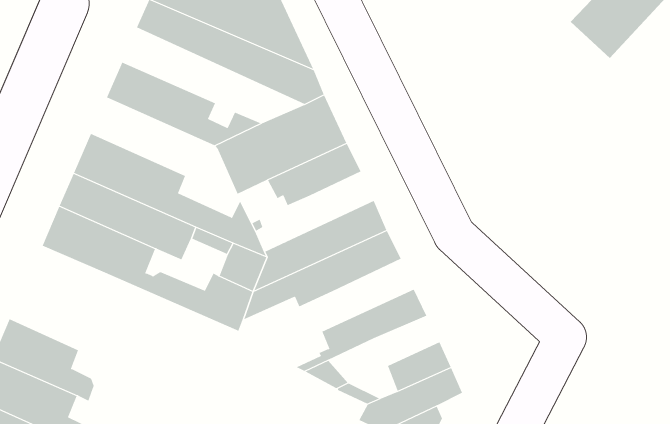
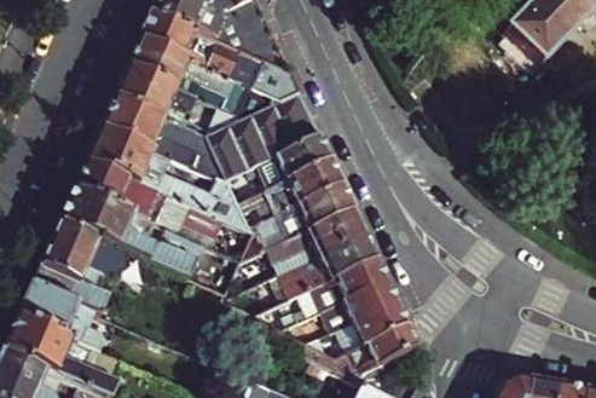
building: none -> [127,39,282,120]
building: none -> [100,98,206,169]
building: none -> [255,161,341,220]
building: none -> [31,224,112,317]
building: none -> [241,235,375,317]
building: none -> [341,283,397,325]

